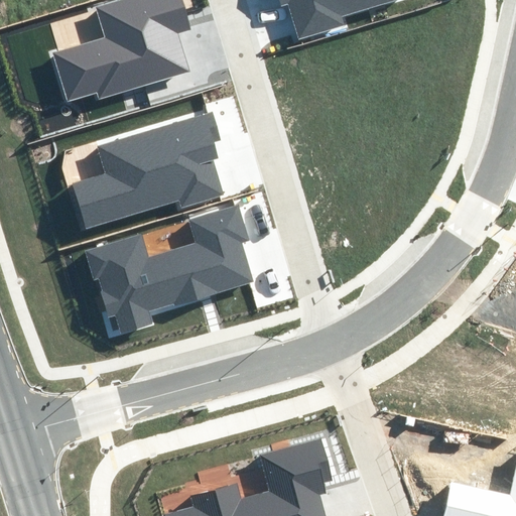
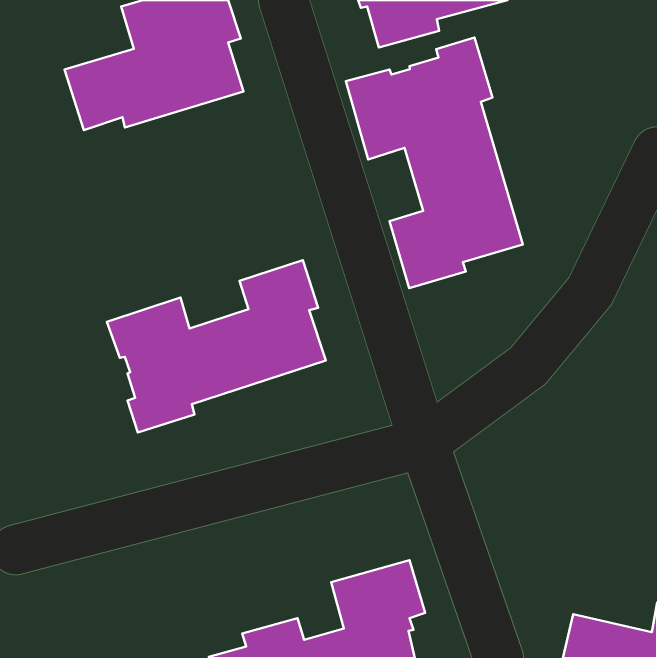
building: none -> [346,38,523,288]
building: [70,111,223,229] -> none

